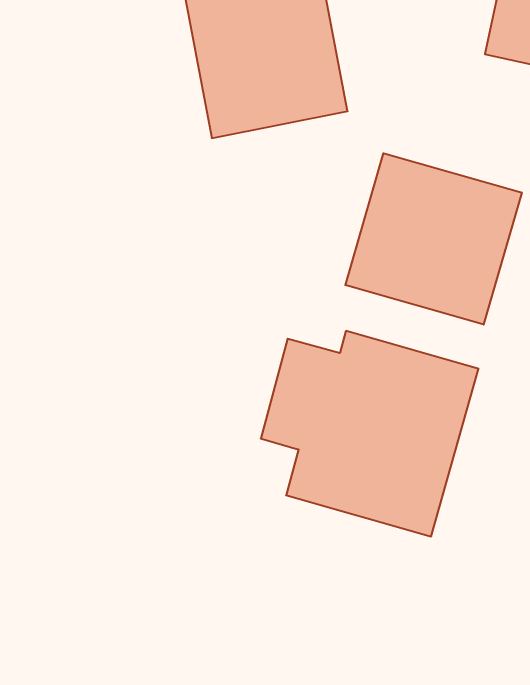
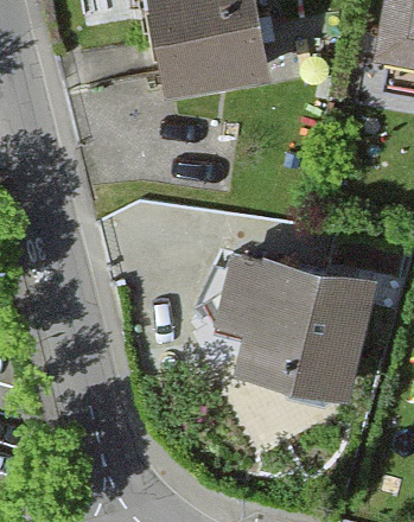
building: [345,153,522,325] -> none

